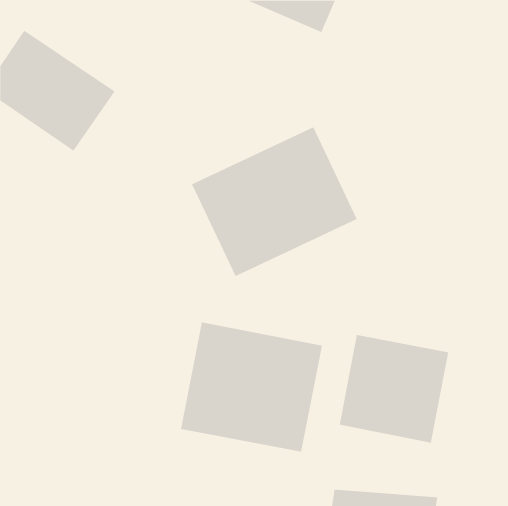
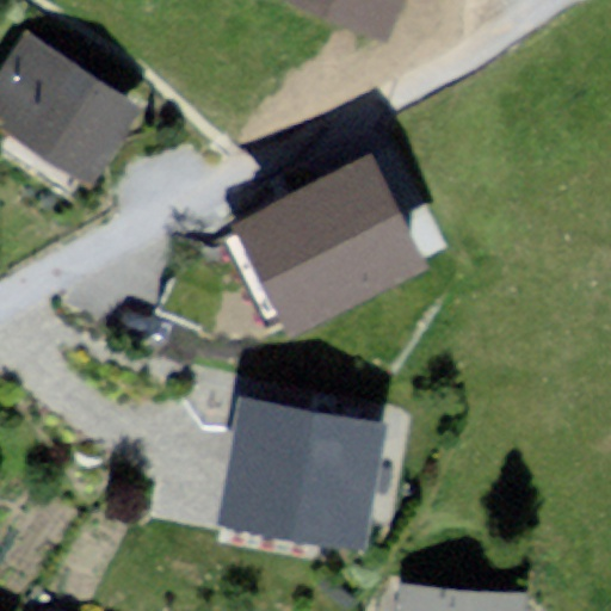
building: [339,334,449,444] -> none

